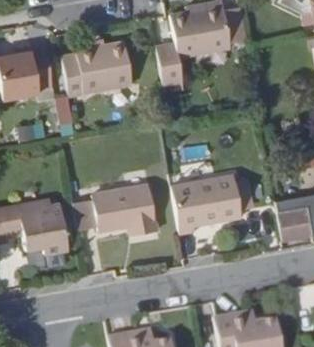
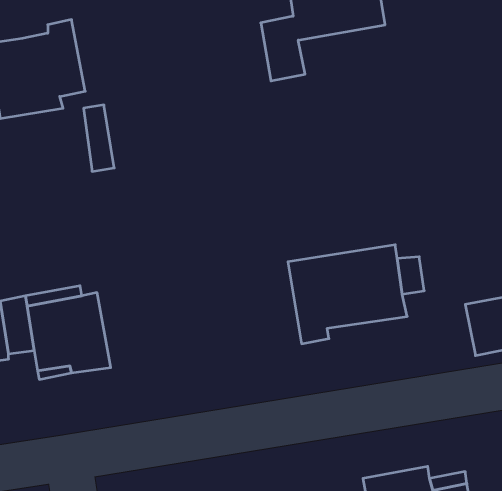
building: [64,39,131,96] -> none
building: [73,184,156,234] -> none

